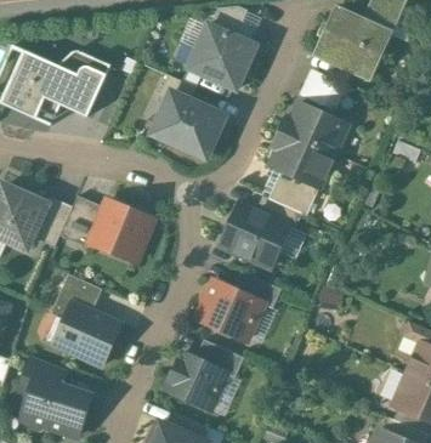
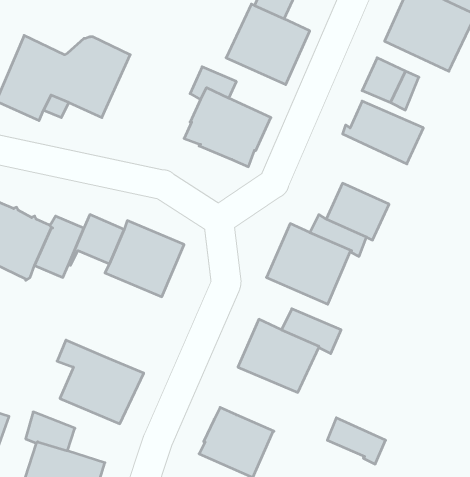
building: [270,131,334,188] -> none
building: [57,276,102,313] -> none
building: [195,341,243,379] -> [327,418,386,464]

